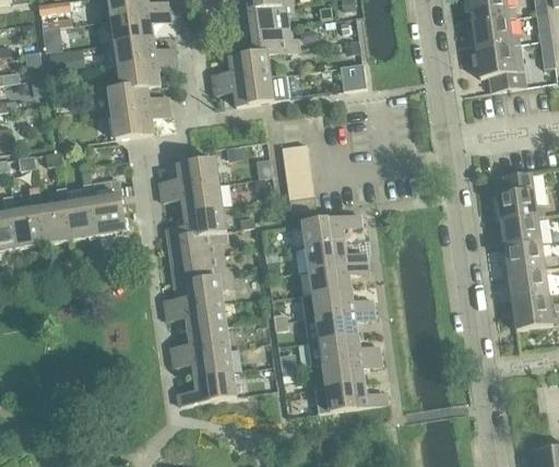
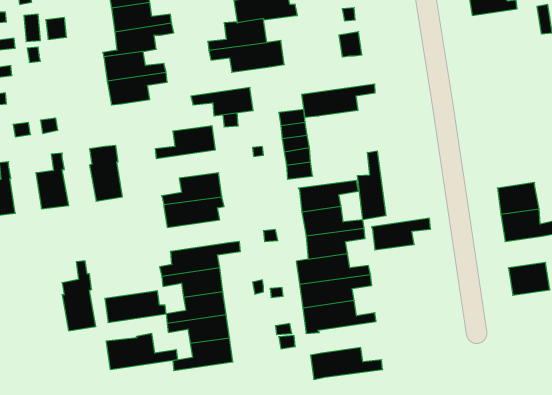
building: [475,43,526,91] -> none
building: none -> [302,84,375,118]
building: [66,169,99,239] -> [62,261,96,331]
building: [492,171,544,221] -> none
building: [159,183,222,212] -> [191,87,253,116]
building: none -> [357,151,386,220]
building: [12,191,45,247] -> none
building: [170,253,231,285] -> [105,291,166,323]
building: [508,270,548,301] -> none
building: [321,355,380,386] -> [372,218,431,250]
building: none -> [106,333,178,370]

